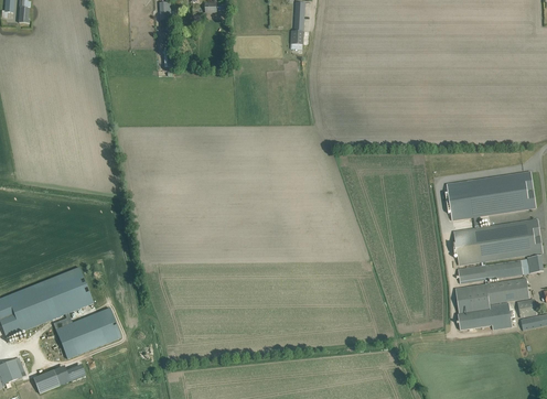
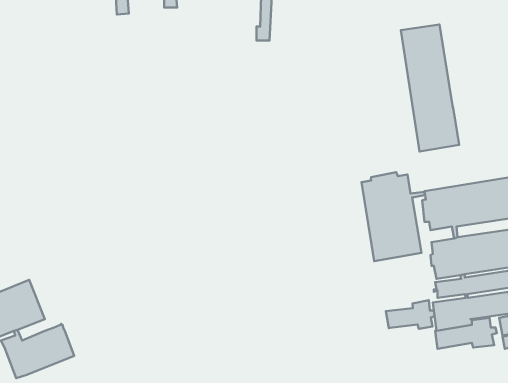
building: none -> [401,24,459,151]
building: none -> [361,172,425,261]
building: none -> [386,300,434,329]

